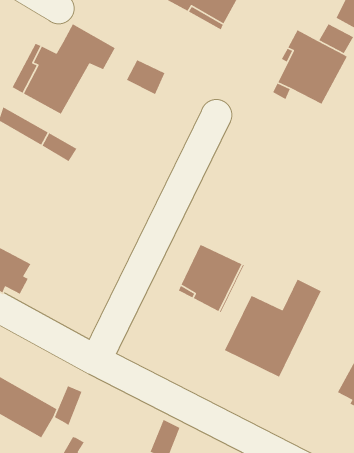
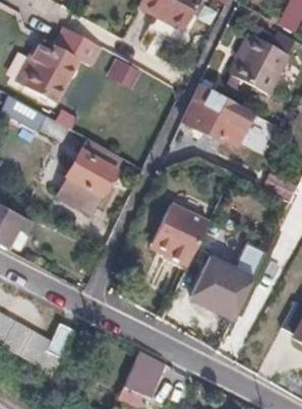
building: none -> [183,84,255,143]
building: none -> [53,139,121,215]

